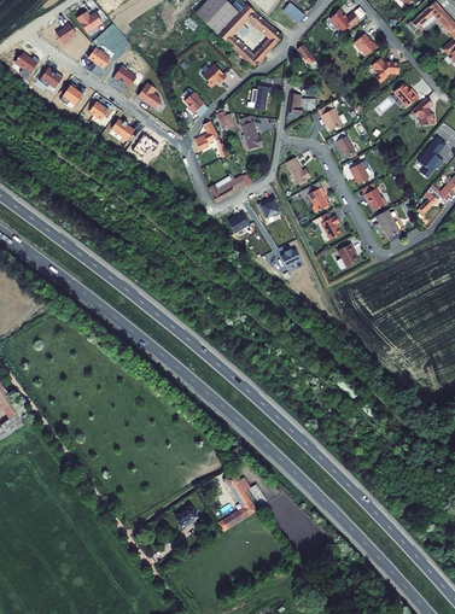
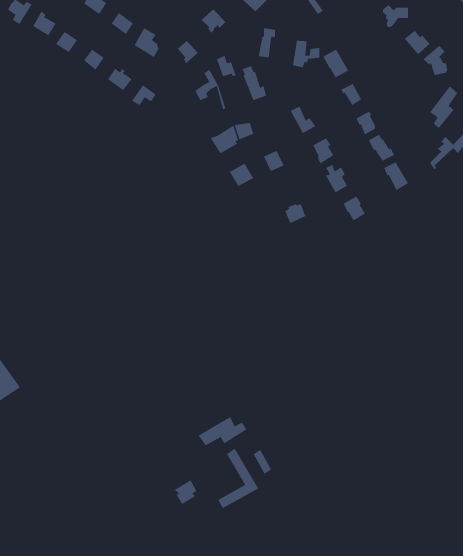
building: none -> [198,416,247,446]

